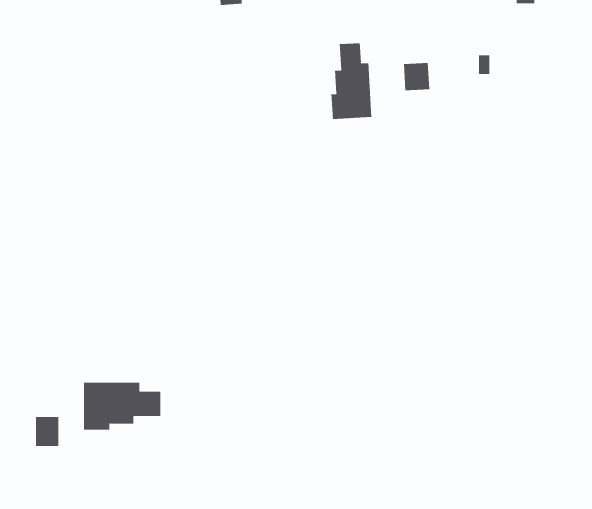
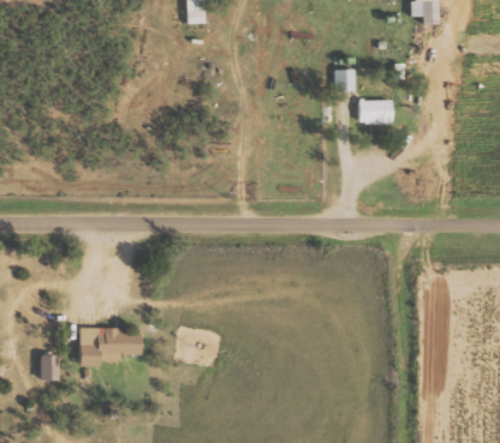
building: [331,42,372,120] -> none
building: none -> [358,101,392,125]

